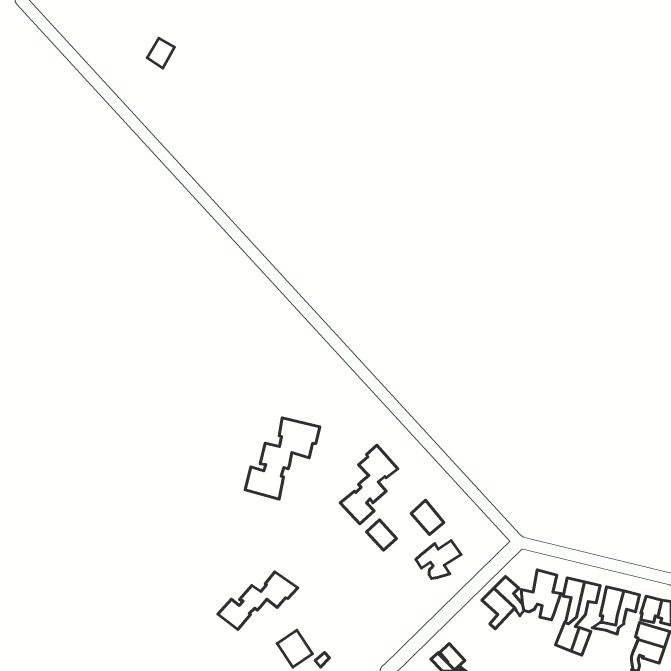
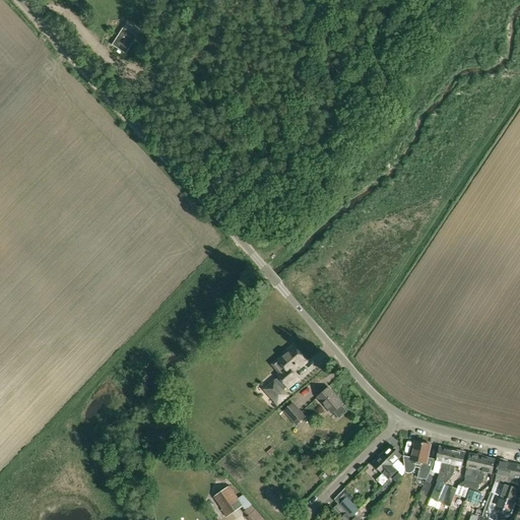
building: [245,418,320,499] -> none
building: [416,541,461,578] -> none
building: [218,572,298,629] -> none

